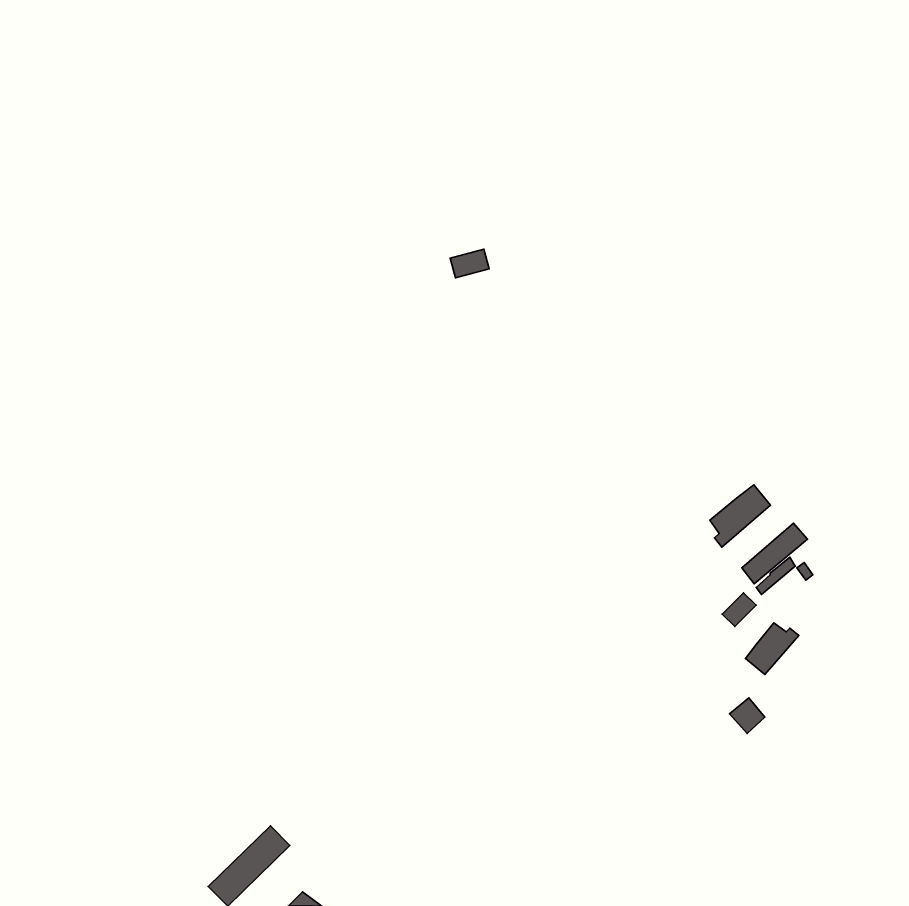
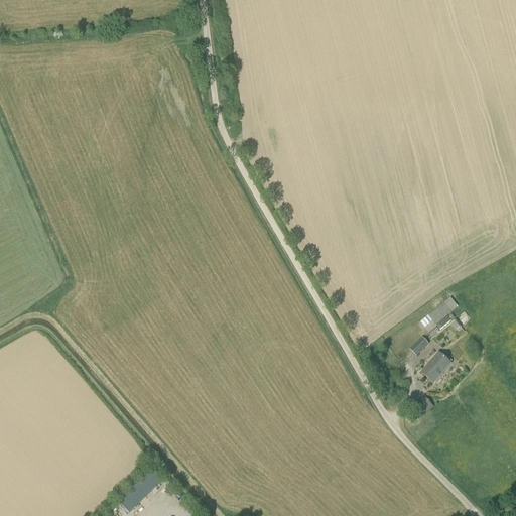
building: [710,485,771,547] -> none

